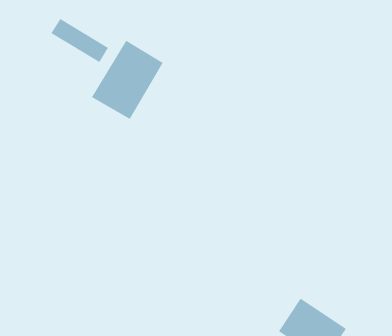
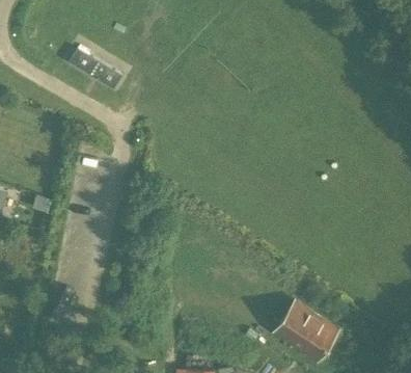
building: [91,40,164,120] -> none

